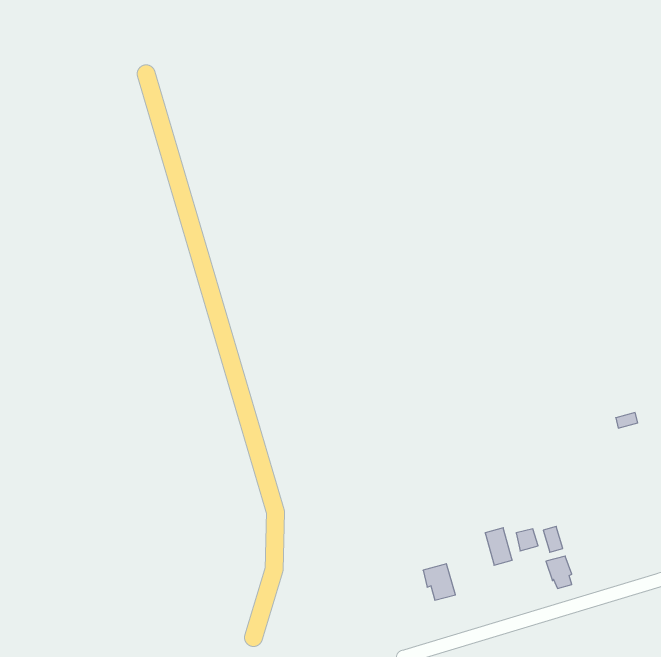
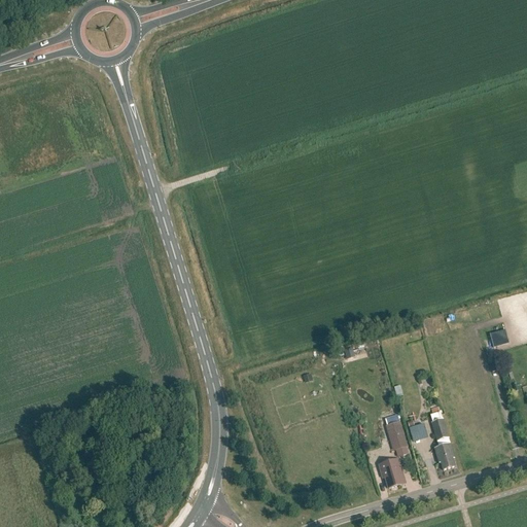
building: [423,564,455,600] -> [380,458,406,487]

